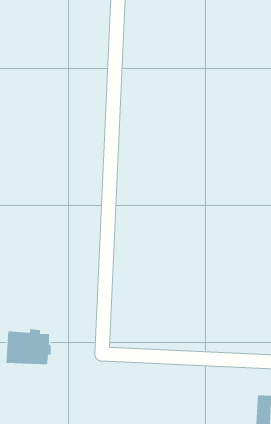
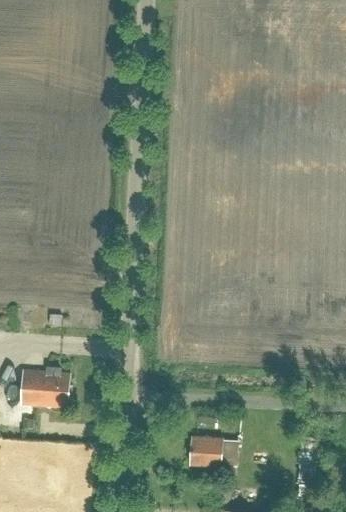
building: none -> [189,436,222,466]

